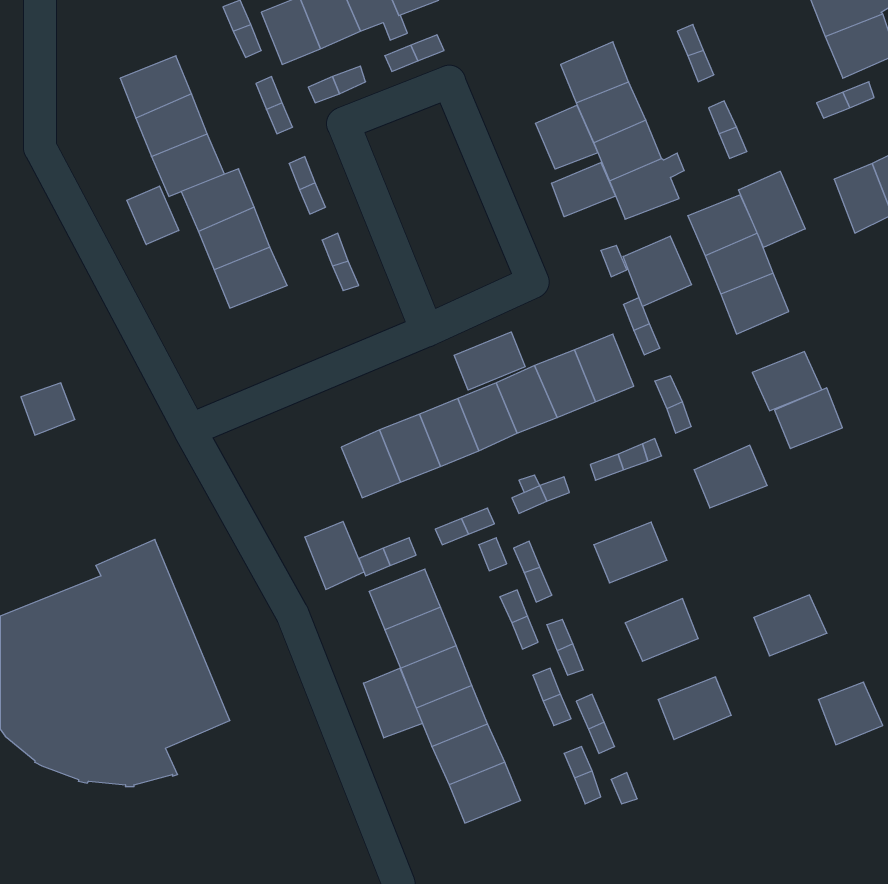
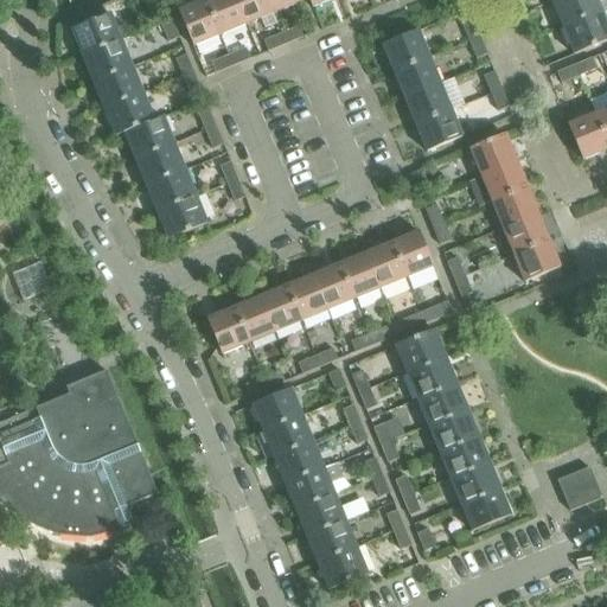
building: none -> [71,11,130,53]
building: [536,105,598,169] -> none
building: [552,162,616,217] -> none
building: [739,171,805,247] -> none
building: [127,186,179,245] -> none
building: [623,236,691,306] -> none
building: none -> [158,194,207,237]
building: [454,332,525,390] -> none
building: [775,388,842,449] -> [503,212,549,254]
building: [694,445,767,508] -> [395,328,445,371]
building: [305,521,364,589] -> [207,305,248,351]
building: none -> [416,382,466,424]
building: [754,595,827,656] -> [439,435,488,477]
building: [363,668,422,738] -> none
building: none -> [460,487,510,530]
building: none -> [318,545,366,588]

